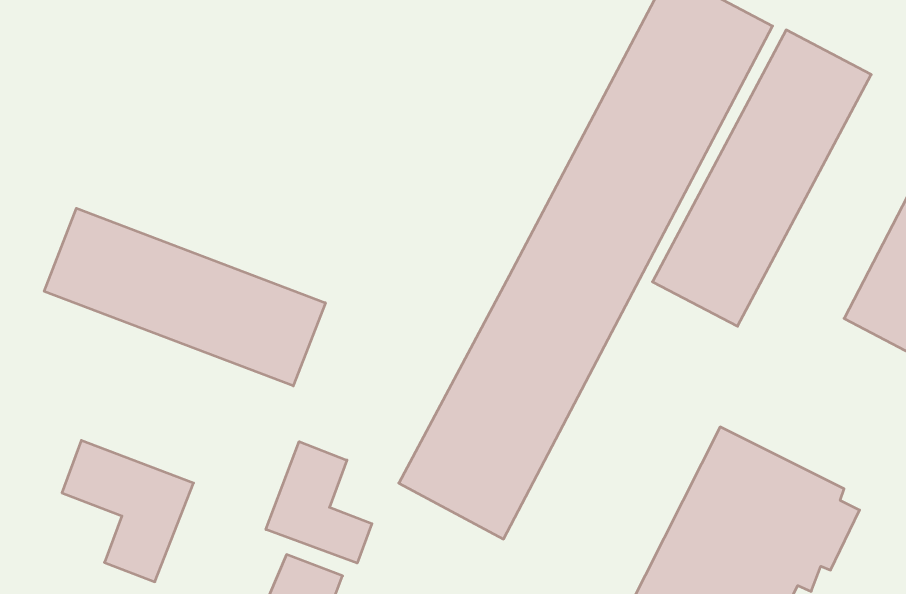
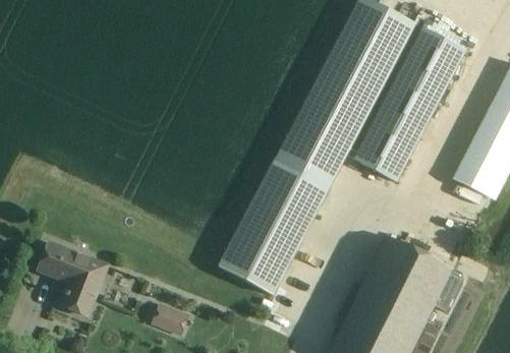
building: [44,208,325,386] -> none
building: [266,442,372,563] -> none

